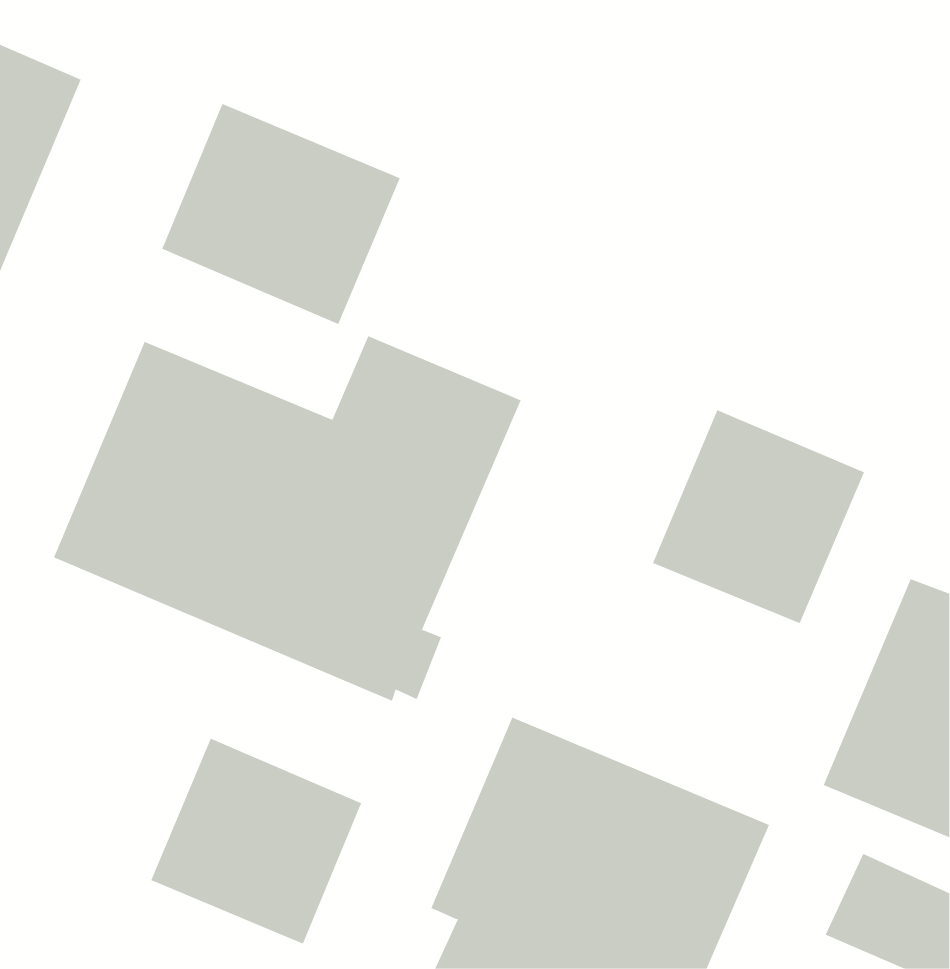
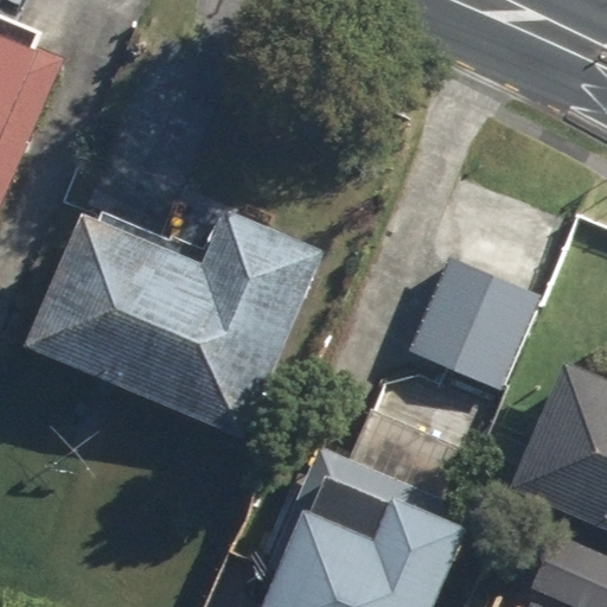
building: [162,103,400,325] -> none
building: [151,738,362,944] -> none

